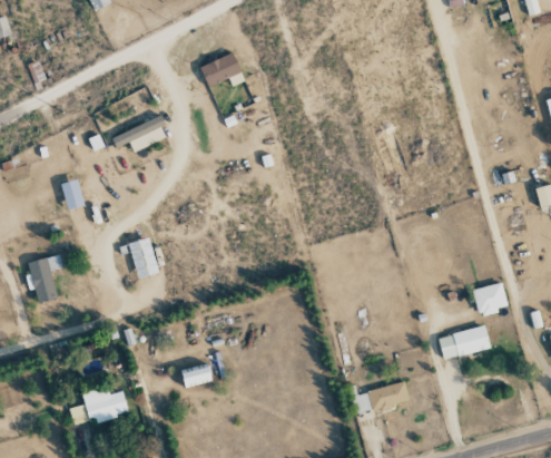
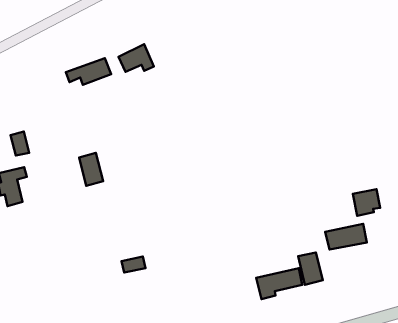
building: [200,51,245,86] -> [119,44,154,72]
building: [61,178,85,208] -> [10,132,29,156]
building: none -> [298,252,323,285]
building: [70,386,129,423] -> none

